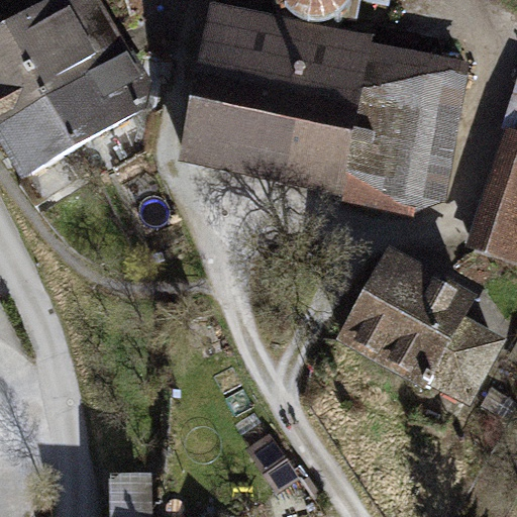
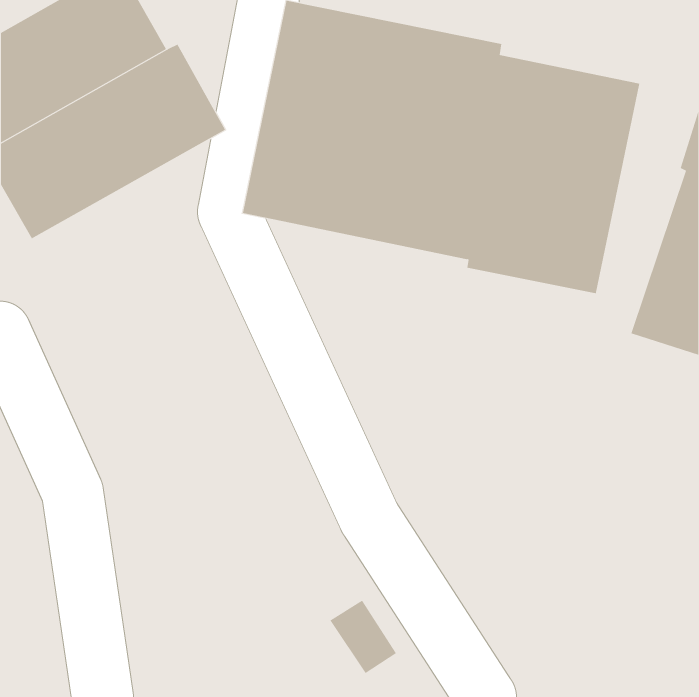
building: [335,240,508,403] -> none

